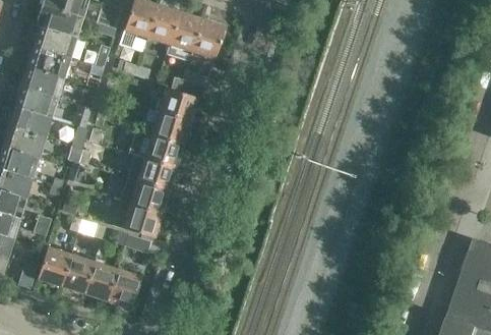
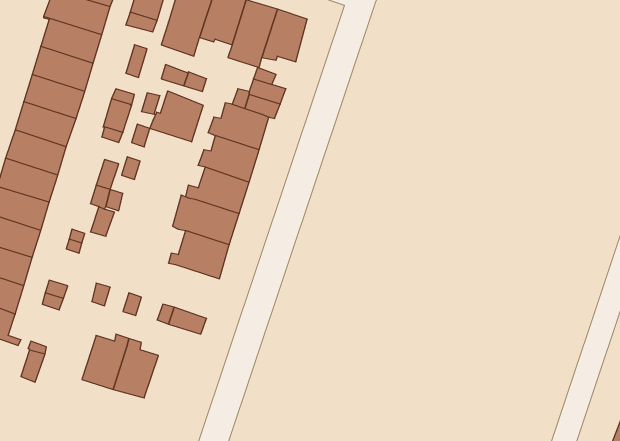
building: none -> [150,91,203,142]
building: [121,204,160,237] -> none
building: [37,246,72,286] -> none
building: [106,264,140,308] -> none

